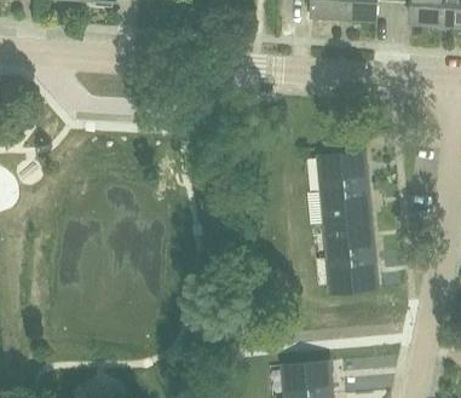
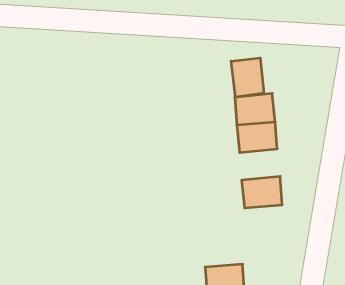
building: none -> [231,58,264,97]
building: [324,220,374,259] -> none

